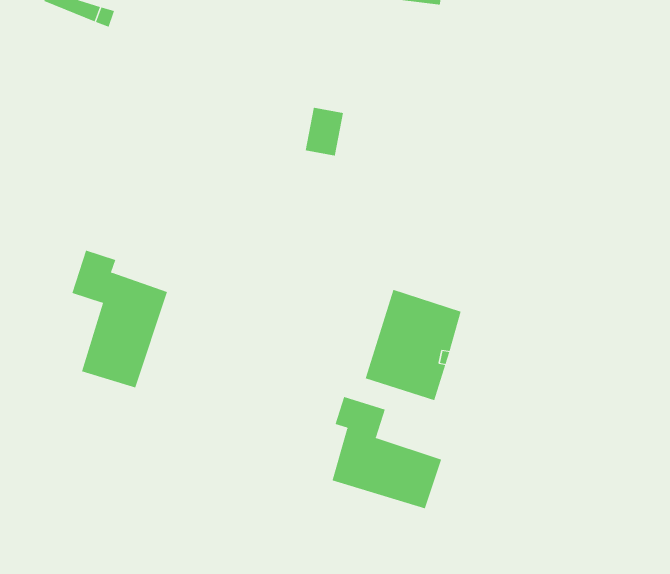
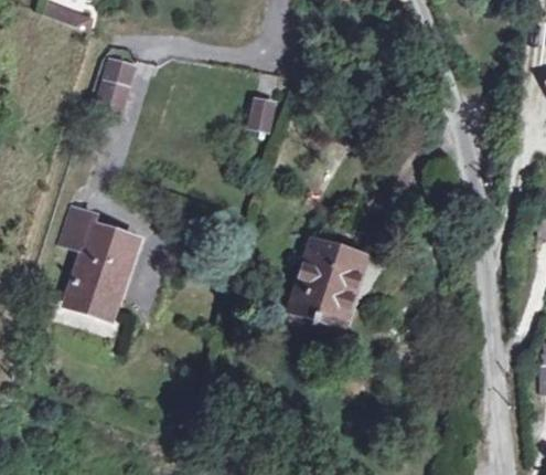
building: none -> [96,57,132,113]
building: [332,396,442,509] -> none

